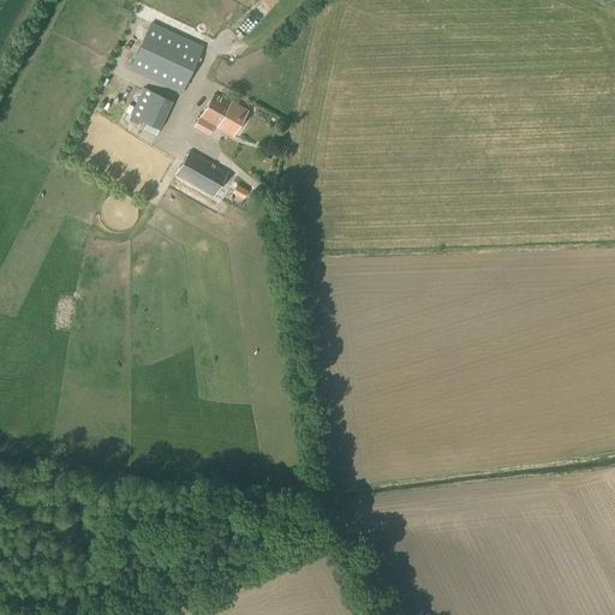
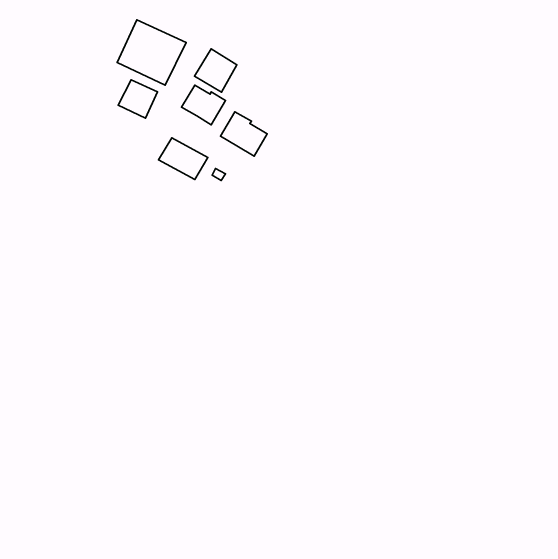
building: none -> [195,49,237,92]
building: none -> [220,112,267,156]

